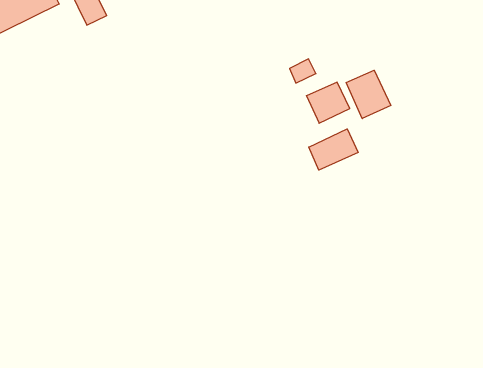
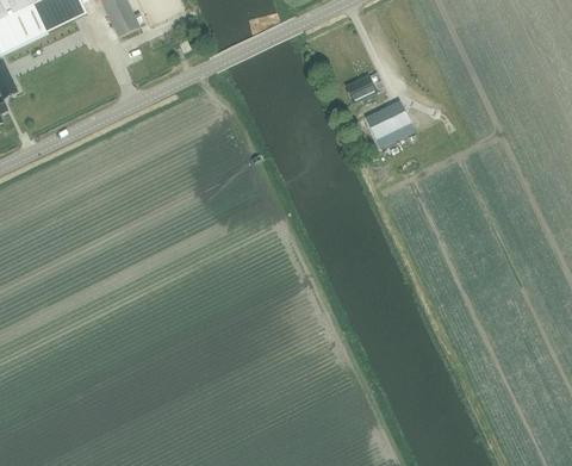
building: [346,70,391,119] -> none
building: [309,129,358,170] -> none

